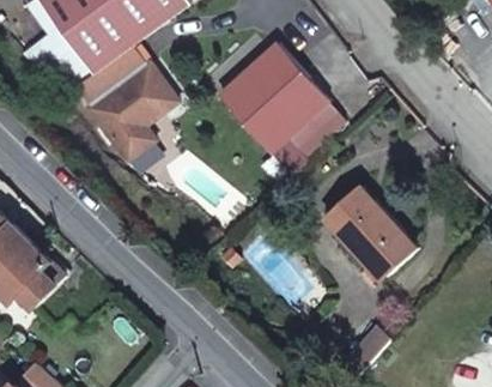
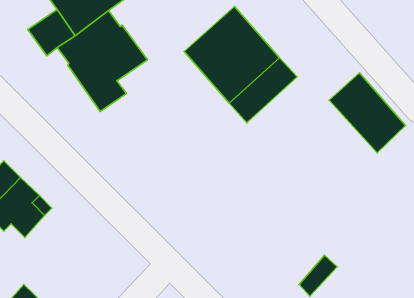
building: [334,195,421,286] -> [329,73,406,153]

